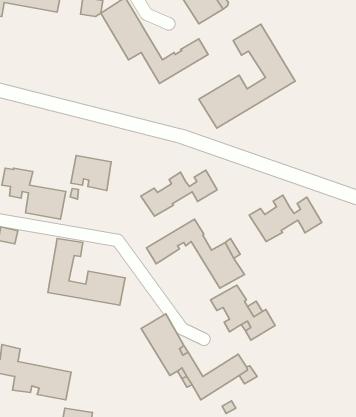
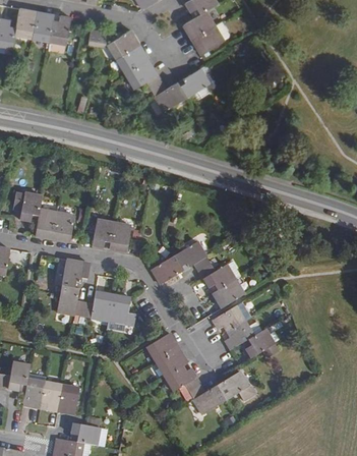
building: [199,24,295,128] -> none
building: [71,156,111,191] -> [92,219,130,252]
building: [141,170,217,216] -> none
building: [249,195,322,242] -> none

